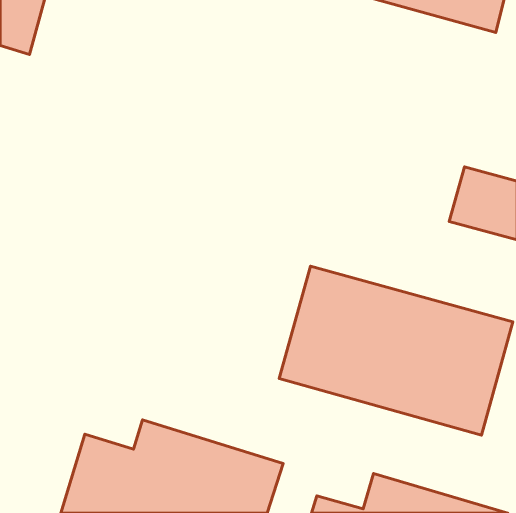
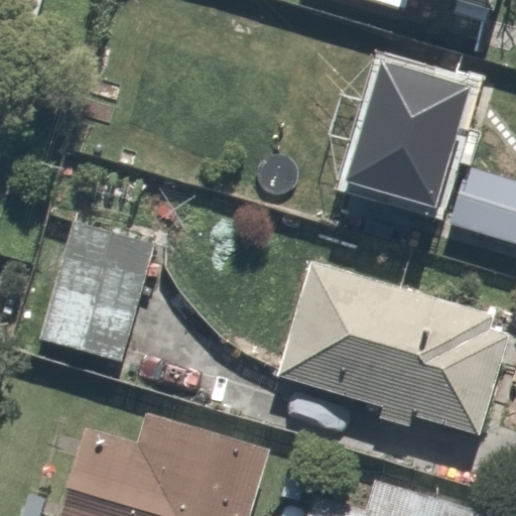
building: none -> [348,60,473,209]
building: none -> [39,217,153,362]

